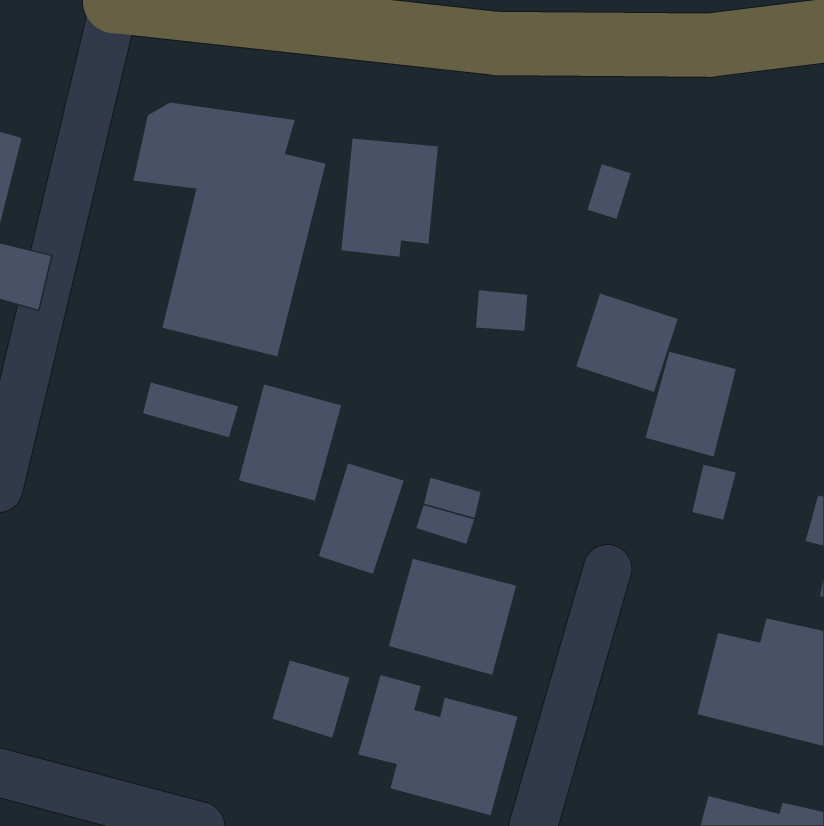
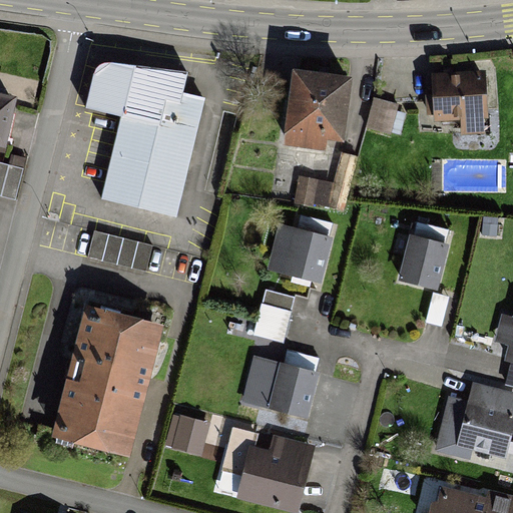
building: none -> [429,74,484,122]
building: [340,138,439,257] -> [284,74,345,148]
building: [575,293,679,393] -> [279,214,343,277]
building: [238,383,342,502] -> none
building: [318,462,405,575] -> none
building: none -> [54,312,160,455]

